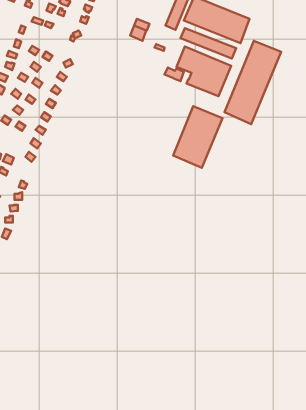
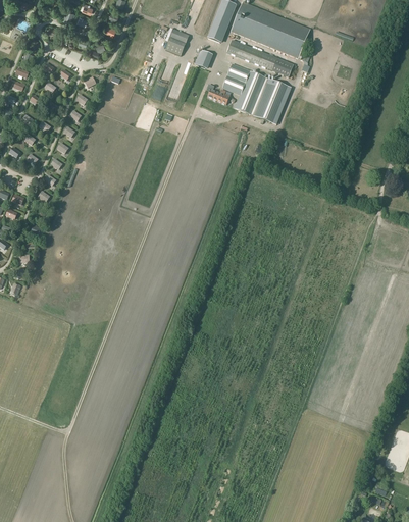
building: [224,41,281,124] -> none
building: [173,106,223,168] -> none

